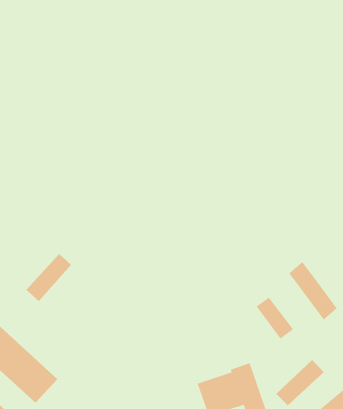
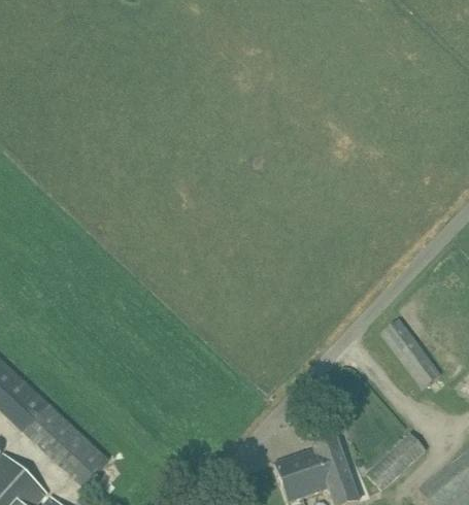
building: [26,253,72,302] -> none
building: [256,297,294,339] -> none

